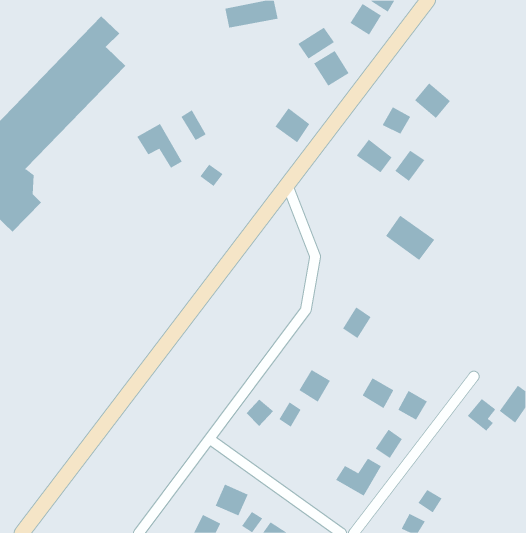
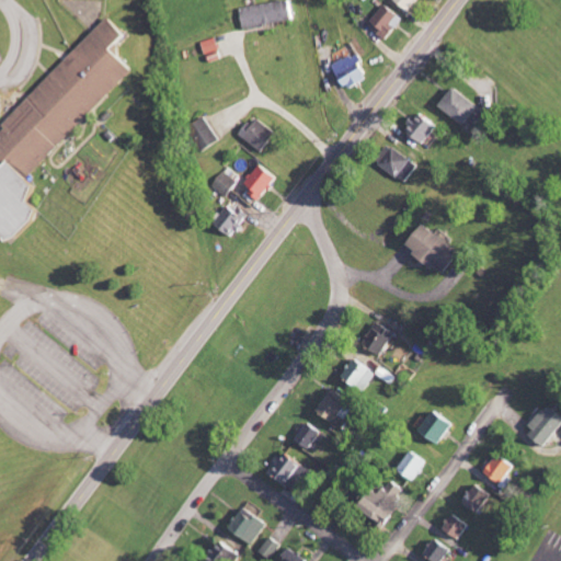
building: [298,27,335,59] -> none
building: [275,108,310,143] -> [238,116,275,153]
building: [136,123,183,168] -> none
building: [395,150,425,182] -> none
building: none -> [242,163,275,201]
building: none -> [213,205,244,234]
building: [362,378,394,409] -> [337,358,371,391]
building: [467,398,496,432] -> [479,454,510,489]
building: [246,399,274,427] -> [270,453,299,482]
building: none -> [458,483,488,513]

